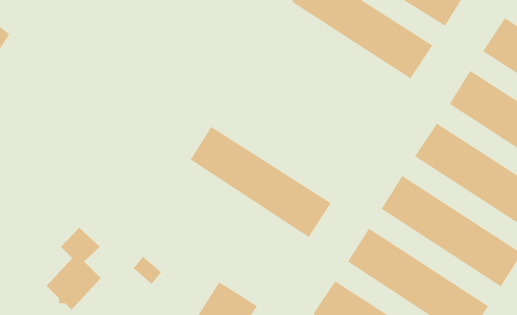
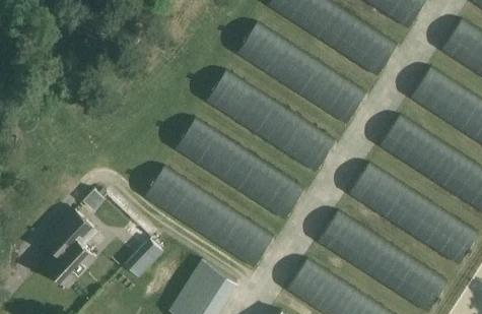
building: none -> [236,22,366,124]
building: none -> [206,70,335,172]
building: none -> [144,166,273,267]

